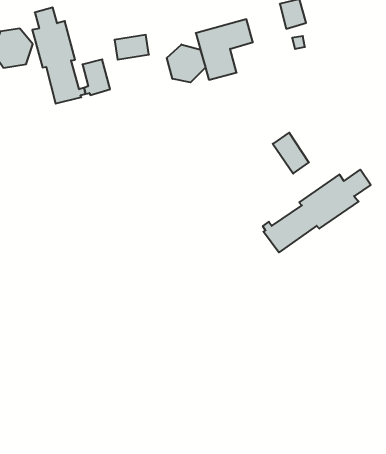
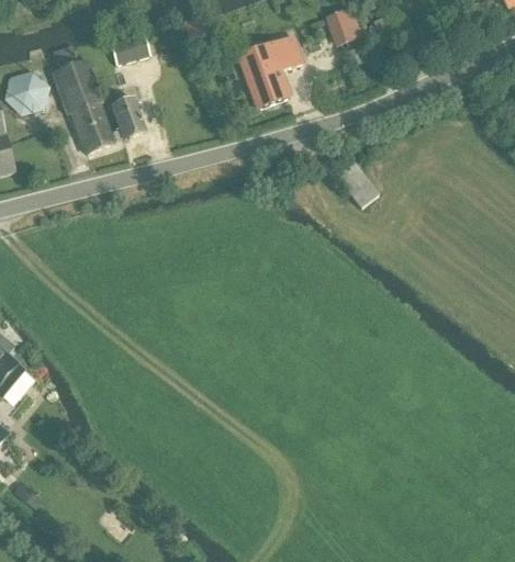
building: [114,35,149,60] -> [109,33,149,64]
building: [167,44,205,82] -> none
building: [263,170,371,252] -> none

